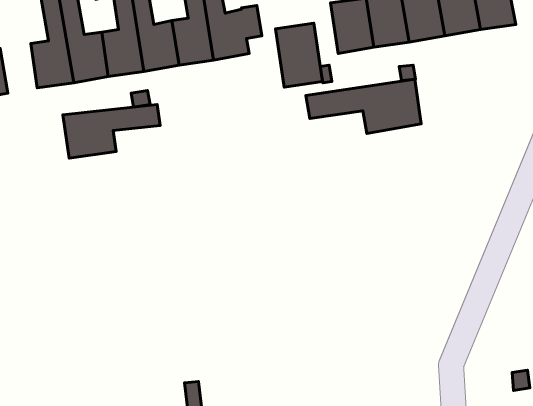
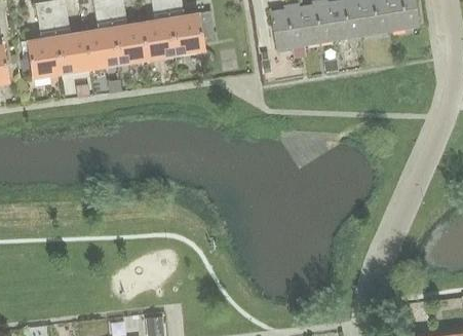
building: [275,23,323,87] -> none
building: [306,79,421,134] -> none
building: [63,104,160,158] -> none

